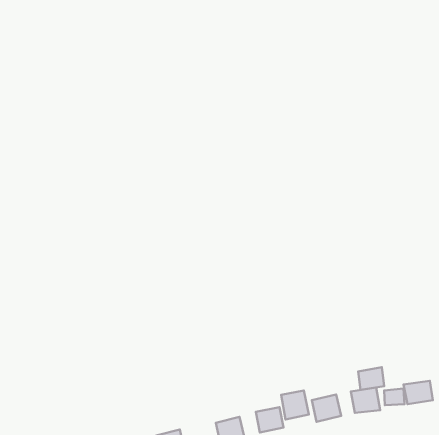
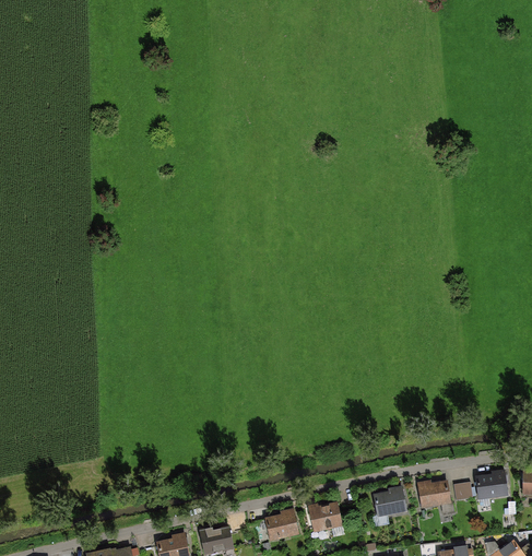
building: [358,367,384,390] -> none
building: [281,390,309,419] -> none

